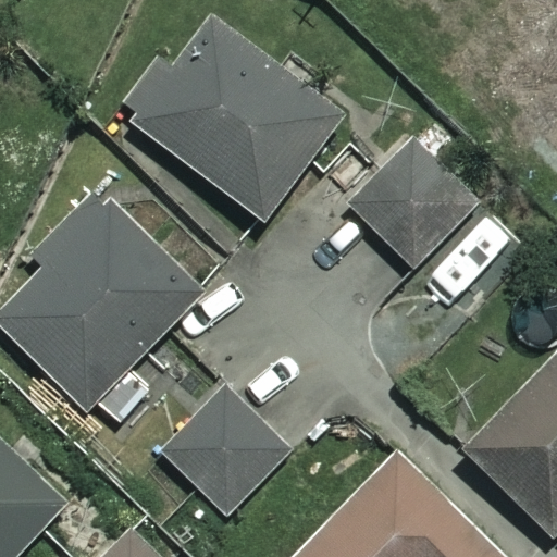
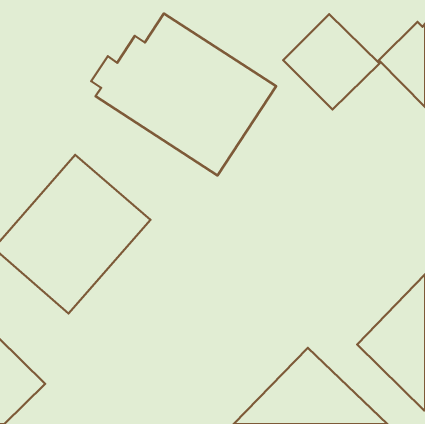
building: [351,144,476,268] -> [283,14,379,109]
building: [163,389,286,511] -> none

